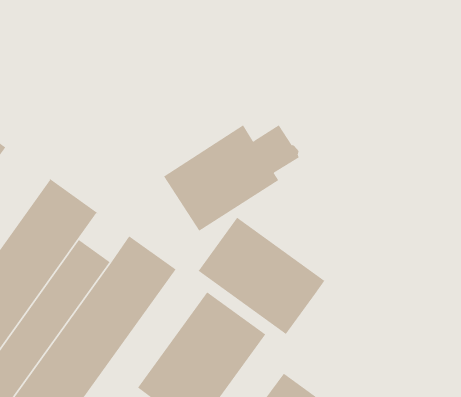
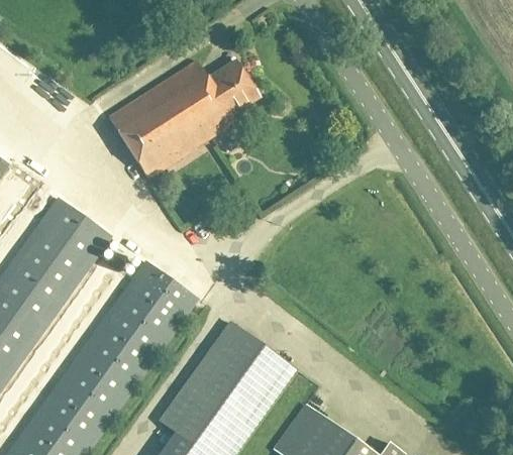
building: [163,124,299,232] -> [106,61,256,179]
building: [198,217,325,335] -> none

